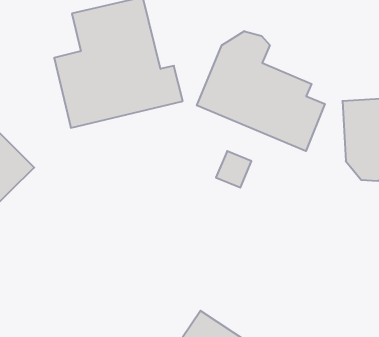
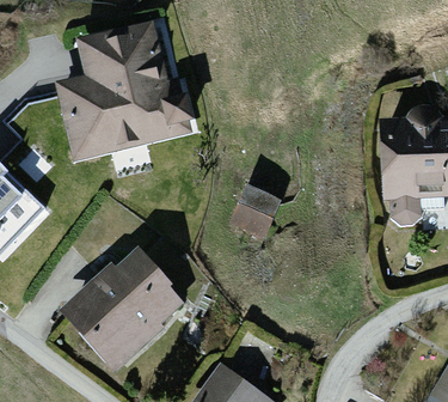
building: [197,31,325,151] -> none
building: none -> [66,249,191,371]

